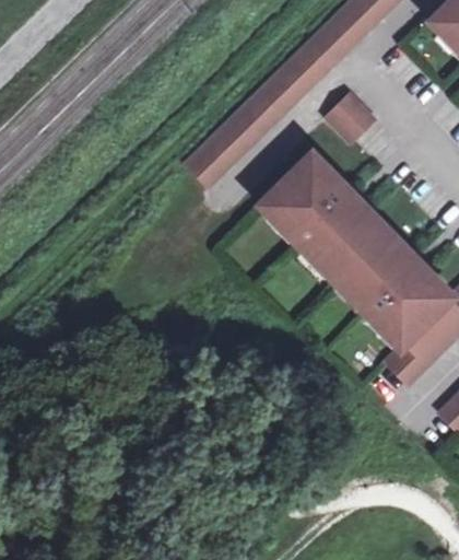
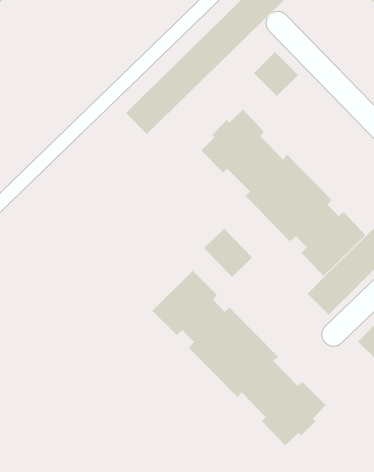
building: none -> [203,228,253,278]
building: none -> [151,270,327,446]

